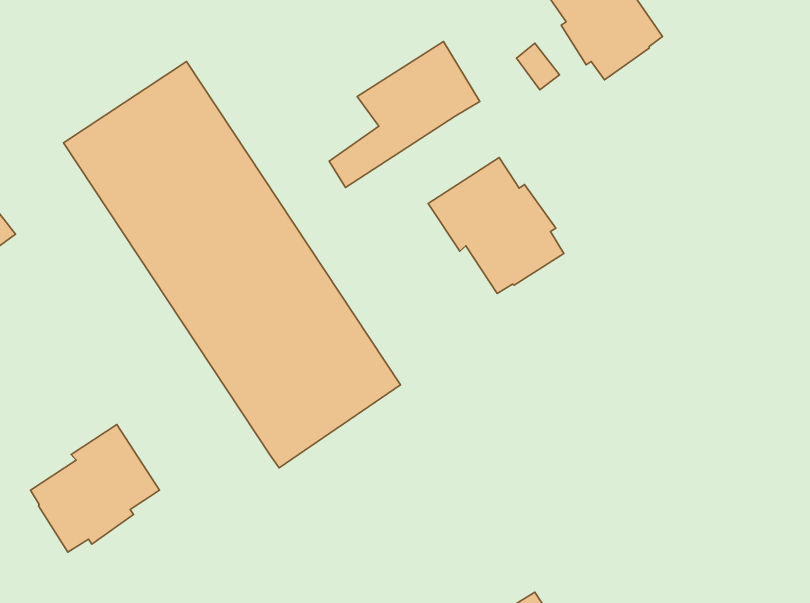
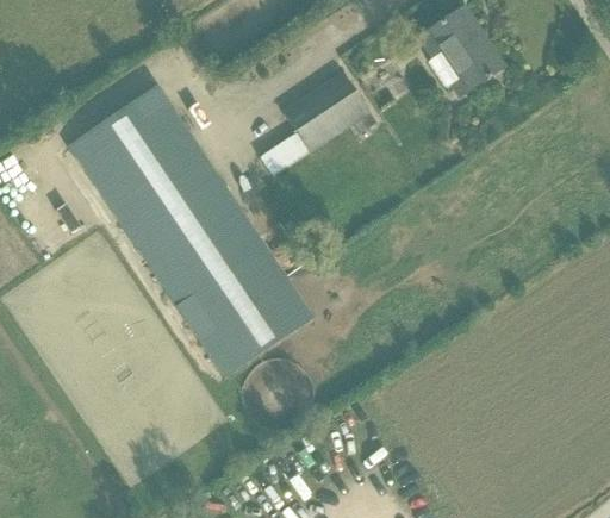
building: [428,157,564,293] -> none
building: [31,424,159,552] -> none

